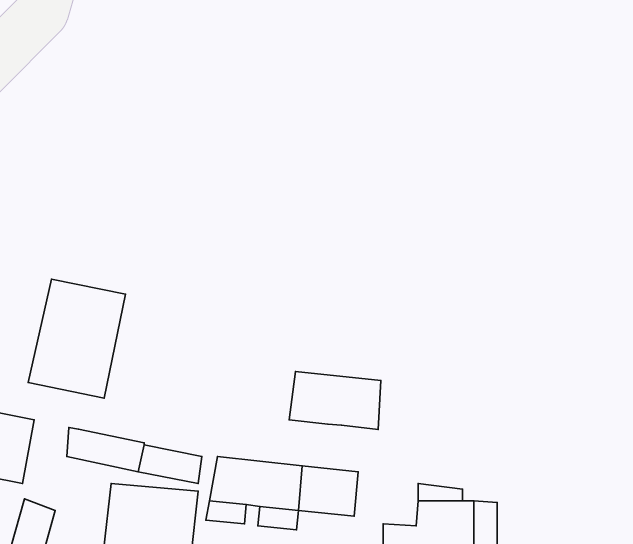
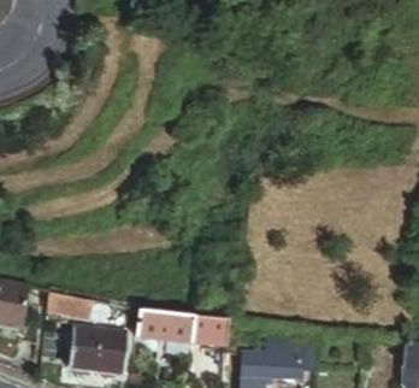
building: [28,279,125,398] -> none
building: [289,372,381,429] -> none

